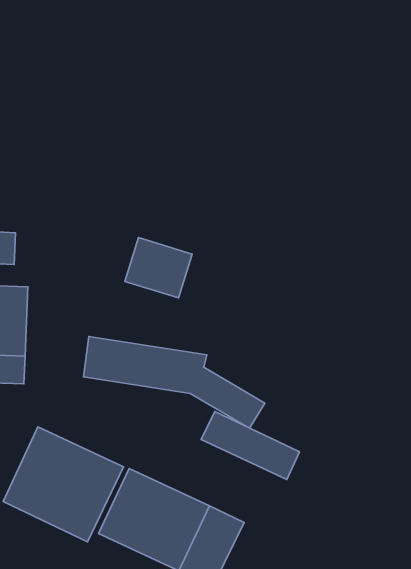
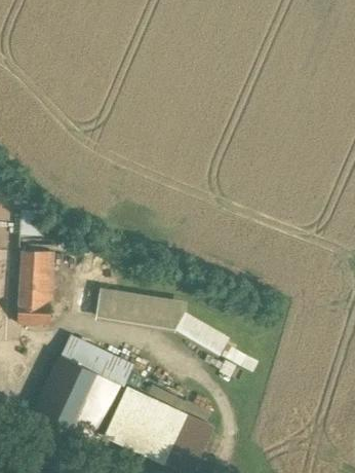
building: [125,238,192,298] -> none
building: [201,412,299,480] -> [60,334,132,385]

